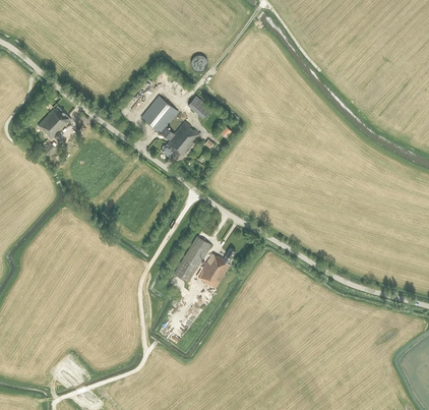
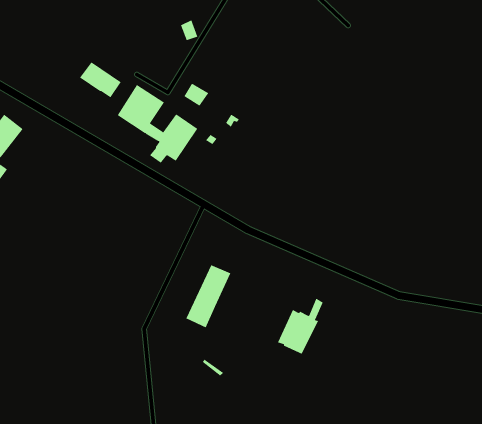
building: none -> [79,61,122,98]
building: [197,247,235,288] -> [277,298,323,355]

